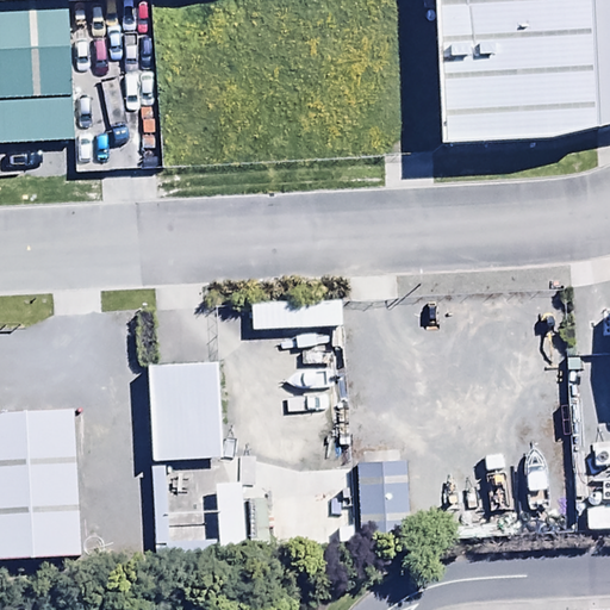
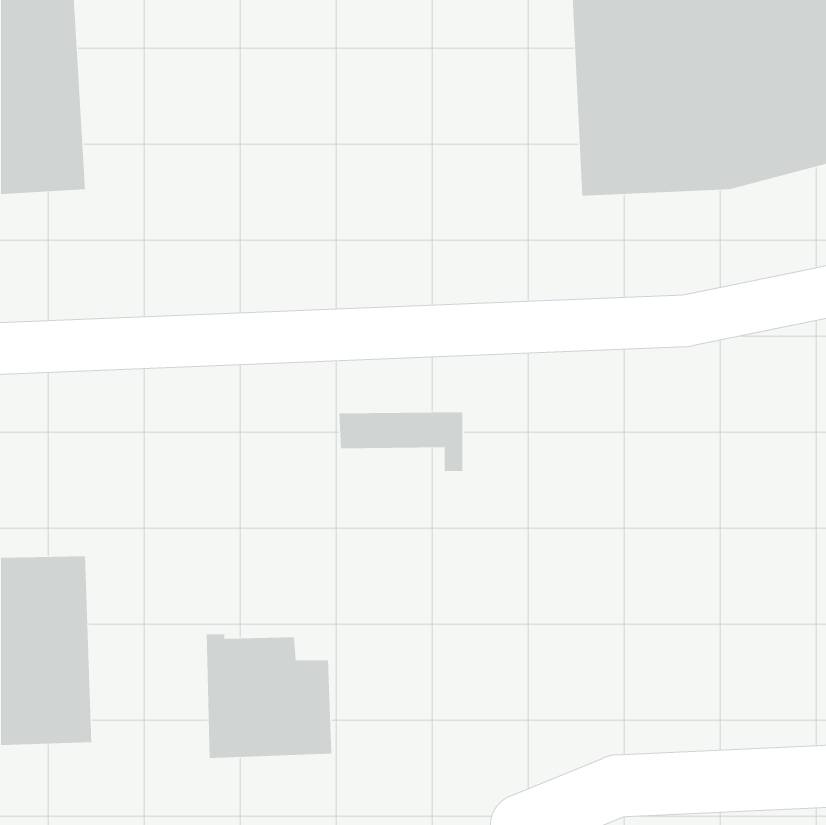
building: [152,356,230,458] -> none
building: [357,452,411,536] -> none

